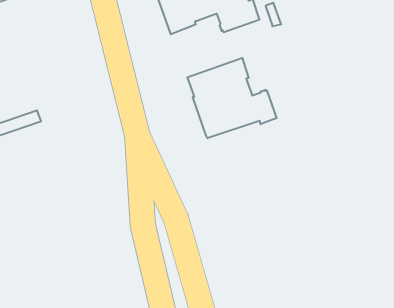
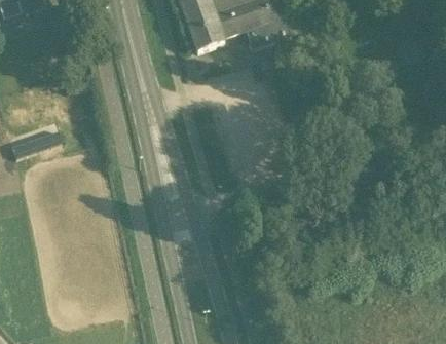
building: [187,58,277,138] -> none

